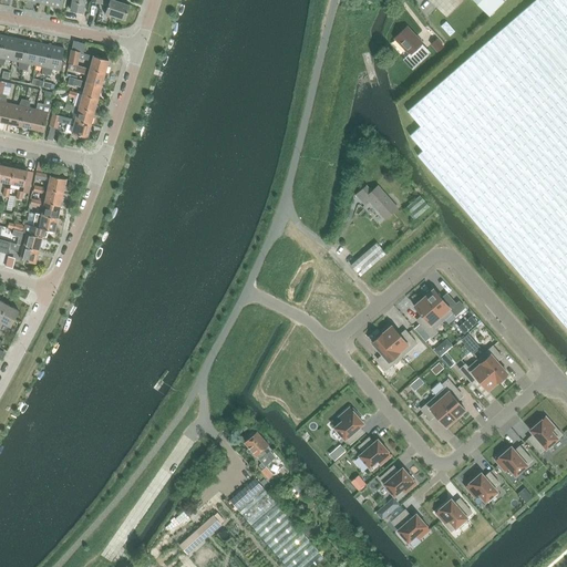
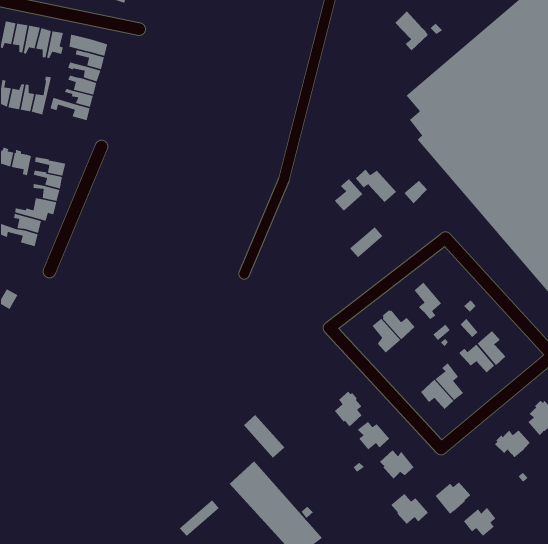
building: none -> [334,178,363,211]
building: [424,289,462,320] -> none
building: [465,472,498,502] -> [463,507,496,537]

